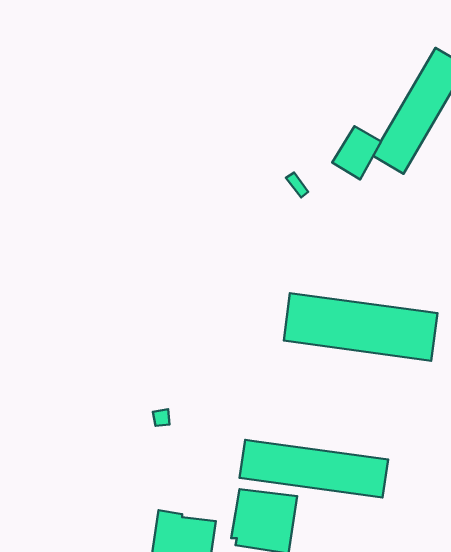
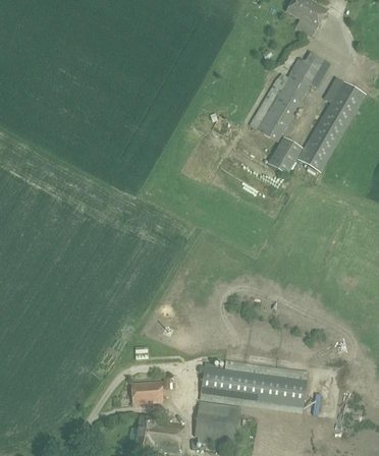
building: none -> [257,51,326,142]
building: [284,293,437,361] -> none
building: none -> [130,381,164,404]

